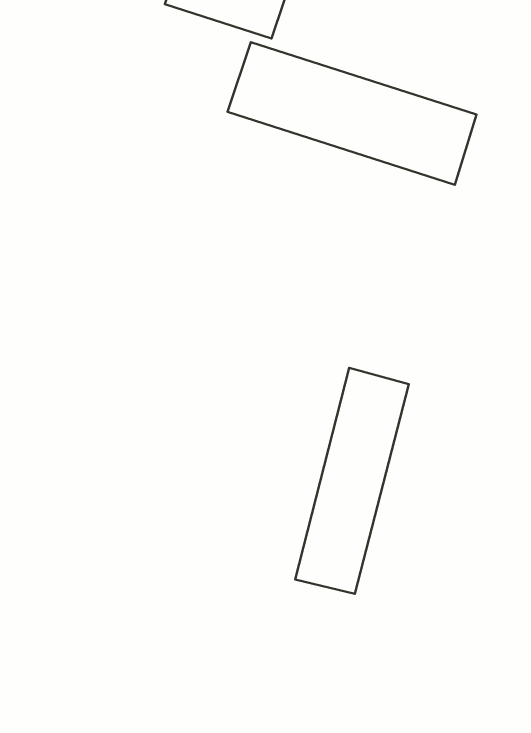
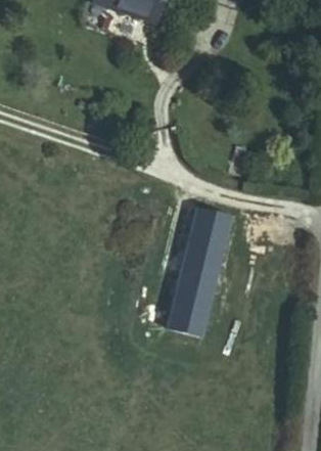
building: [228,42,476,185] -> none

